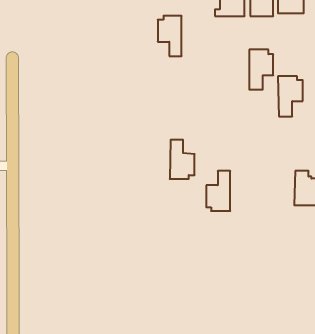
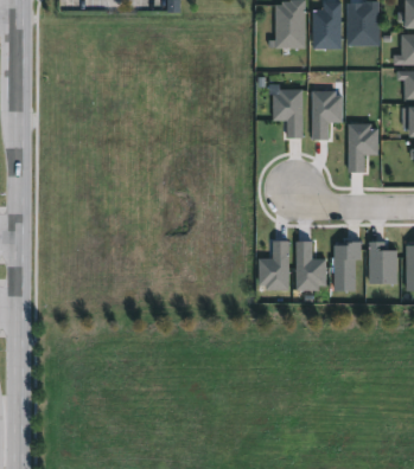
building: [158,16,182,56] -> [273,88,302,137]
building: [170,140,195,179] -> [295,240,326,289]
building: none -> [333,240,362,289]

